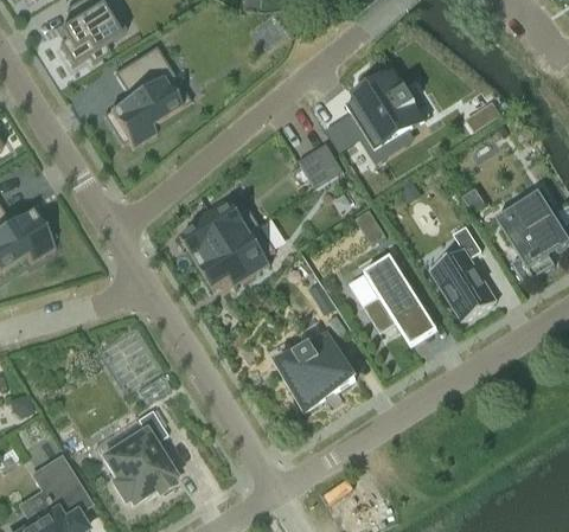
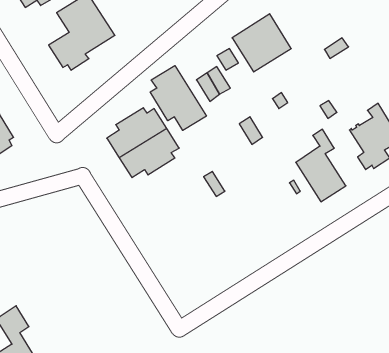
building: none -> [150,66,206,130]
building: [363,255,437,345] -> none
building: [276,331,356,408] -> none
building: [102,409,175,502] -> none

